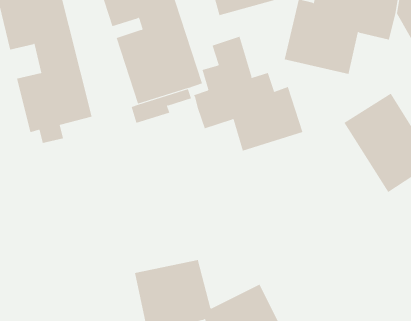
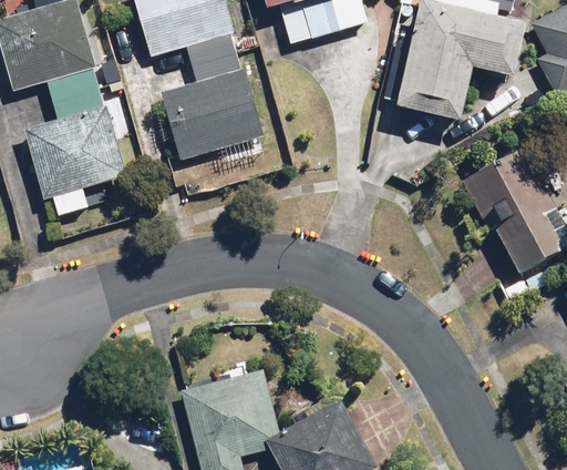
building: [193,36,303,152] -> none

